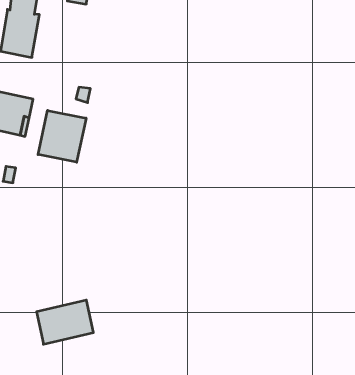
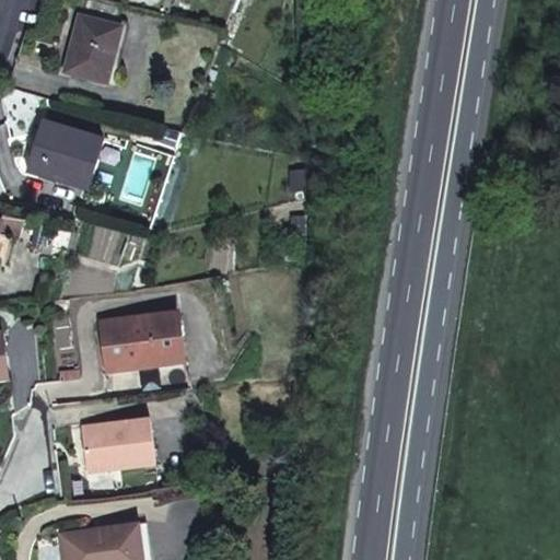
building: [38,110,86,162] -> none
building: none -> [101,311,183,370]

